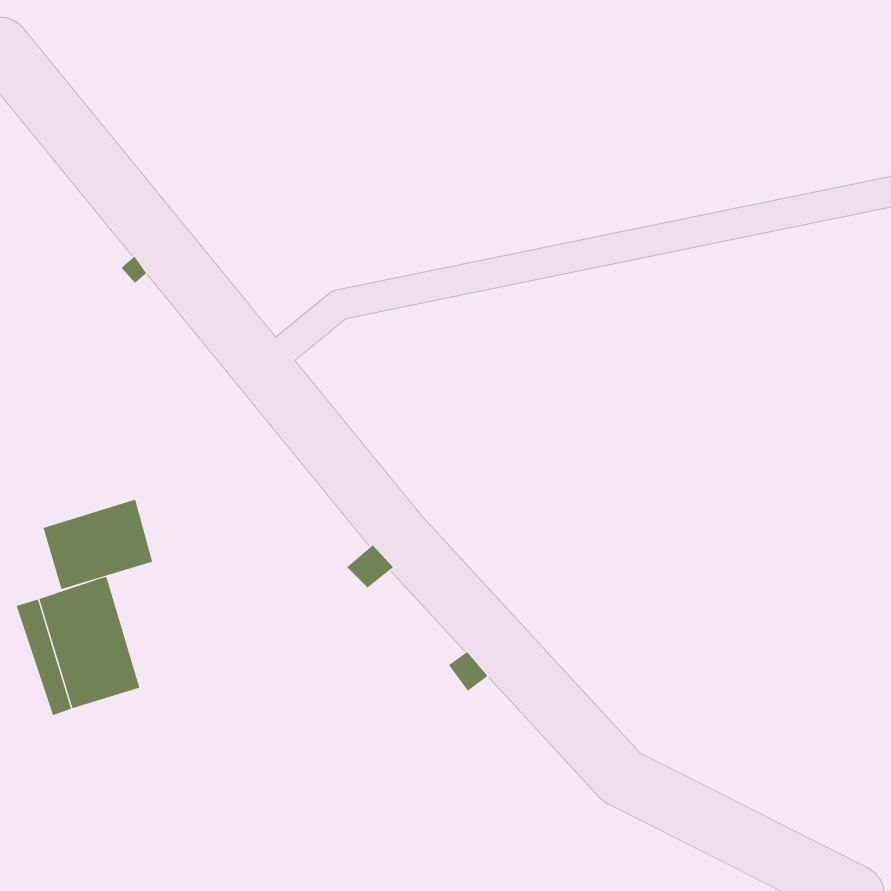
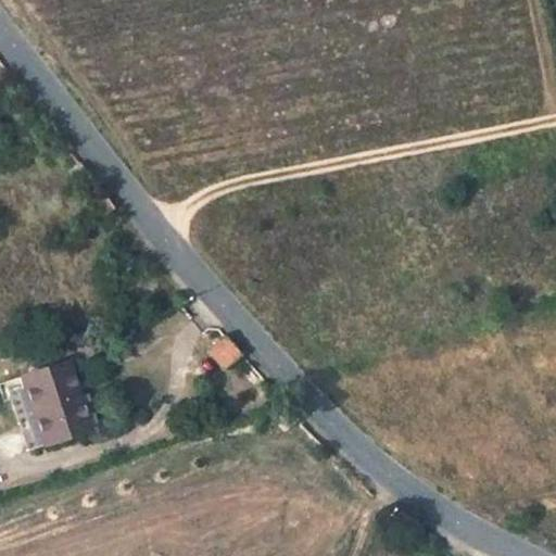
building: [43,499,153,590] -> none

